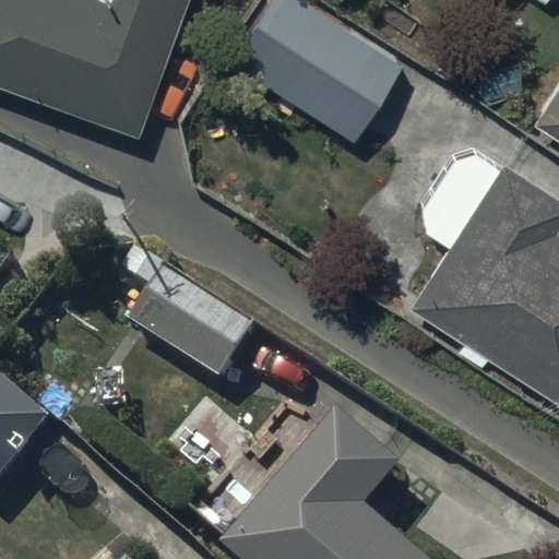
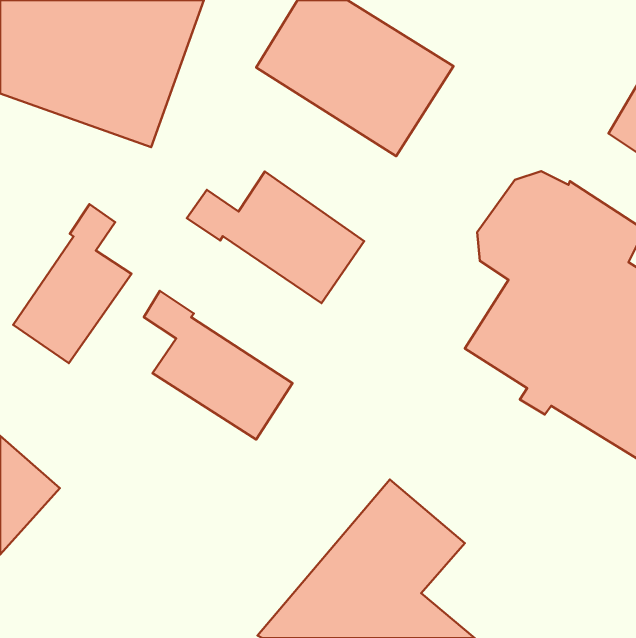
building: none -> [187,171,364,303]
building: none -> [13,204,131,363]

